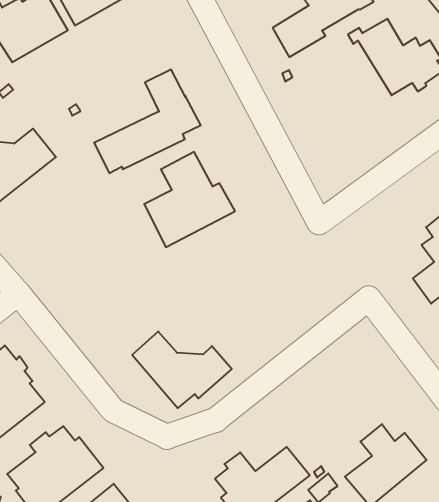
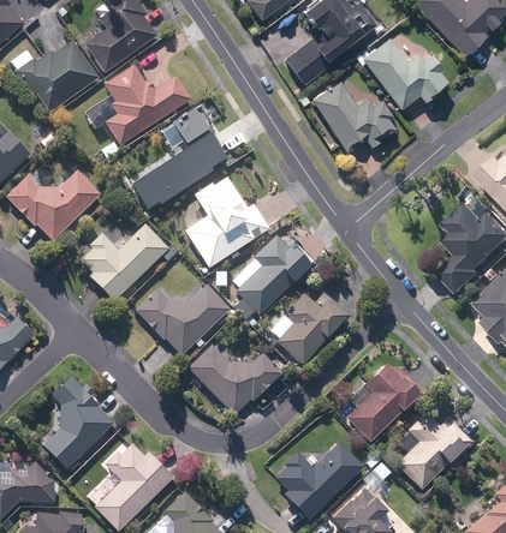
building: none -> [105,67,191,146]
building: none -> [312,82,395,151]
building: none -> [81,227,173,304]
building: none -> [237,238,311,316]
building: none -> [135,287,228,357]
building: none -> [276,295,347,366]
building: none -> [346,361,422,447]

